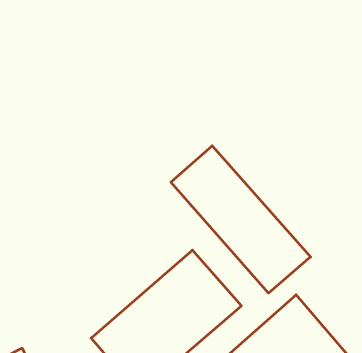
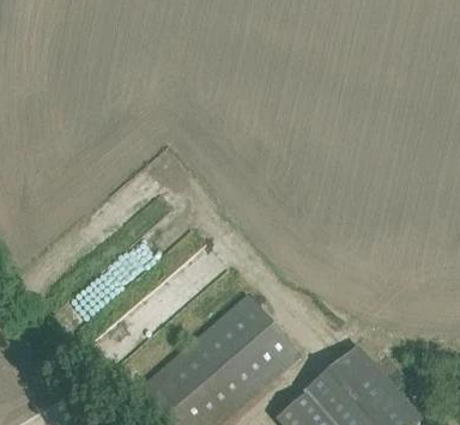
building: [171,146,311,293] -> none

